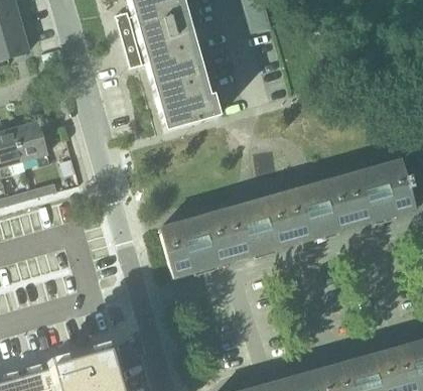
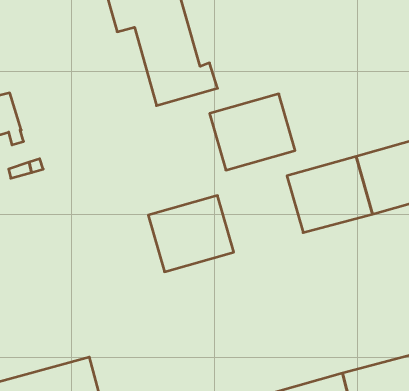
building: [222,192,296,259] -> [210,94,295,170]

